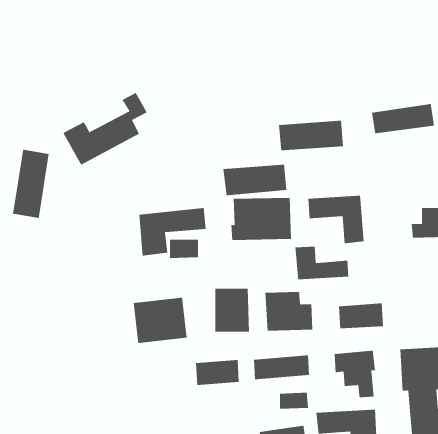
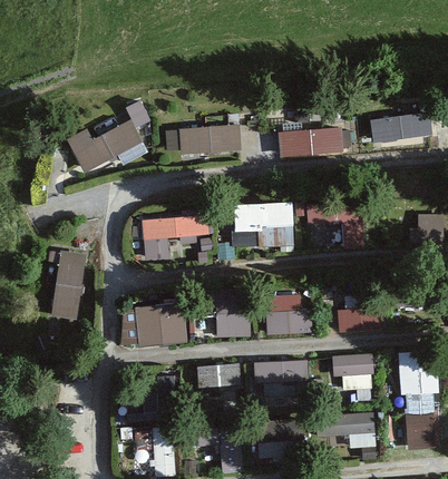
building: [12,149,50,218] -> [49,252,86,320]
building: [223,164,287,196] -> [177,125,241,156]
building: [295,246,349,280] -> none

